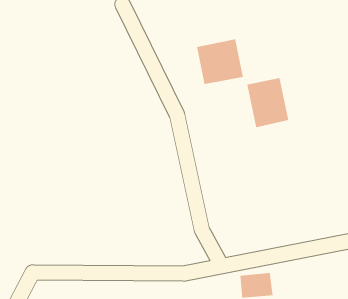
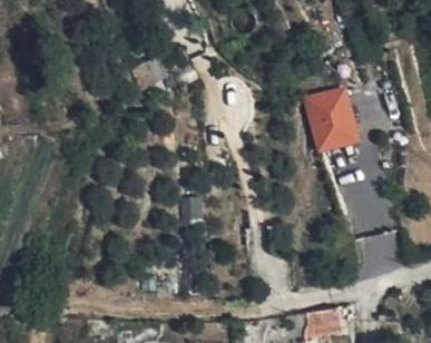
building: [196,38,244,85] -> none

